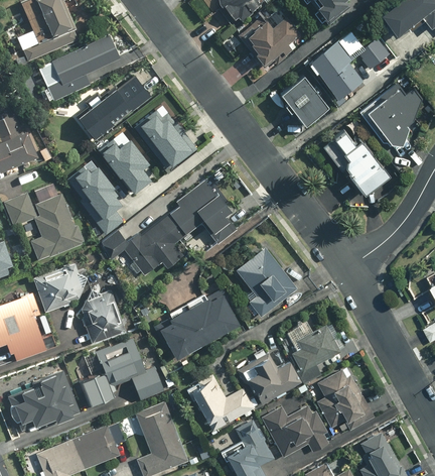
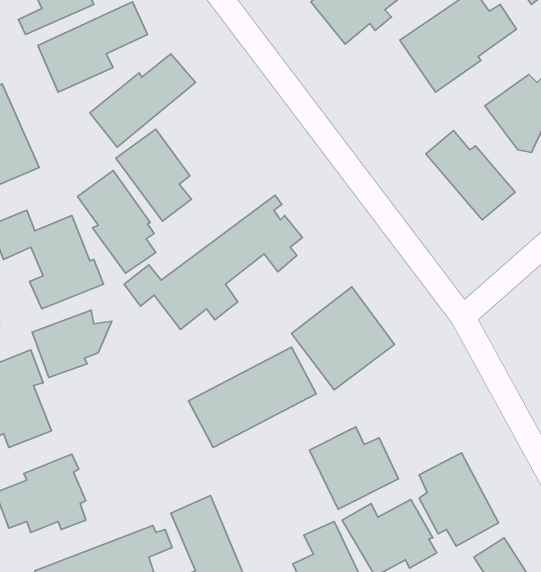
building: [283,75,330,125] -> none
building: [135,102,190,168] -> none
building: [78,289,128,344] -> none
building: [280,314,344,386] -> none
building: [78,337,165,407] -> none
building: [187,375,255,433] -> none

